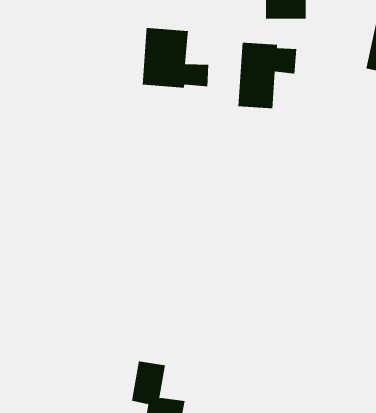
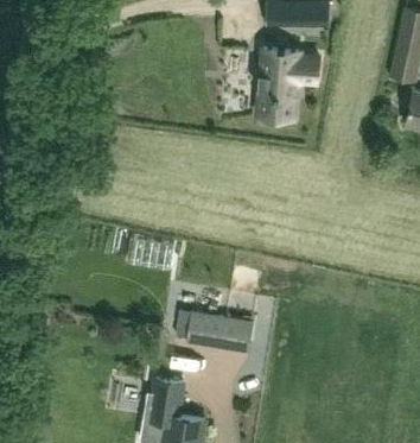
building: [142,27,209,88] -> none
building: none -> [177,310,254,348]

